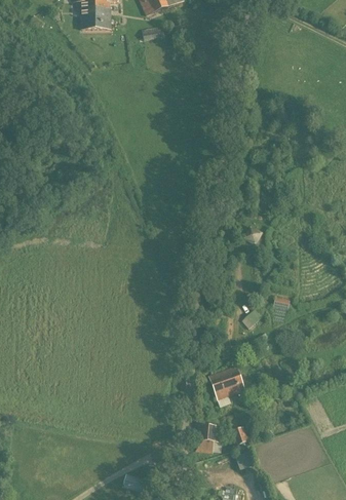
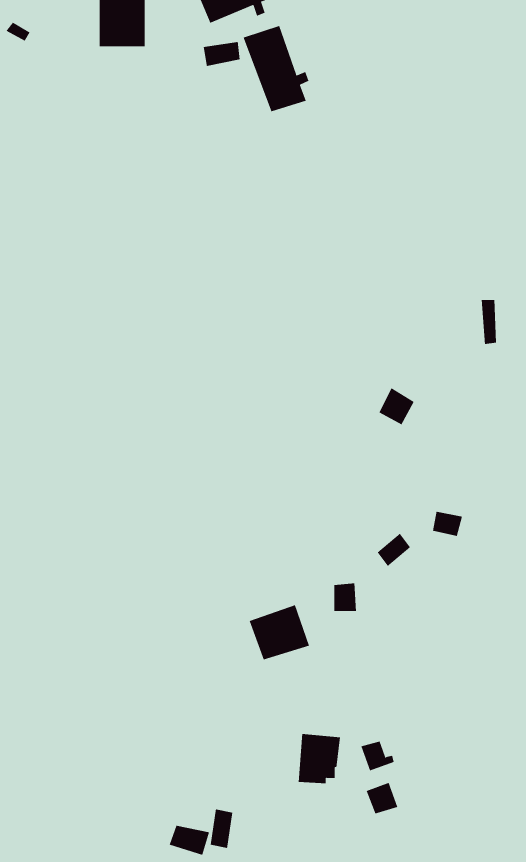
building: none -> [243,25,309,112]
building: [208,367,243,398] -> [249,605,310,660]

